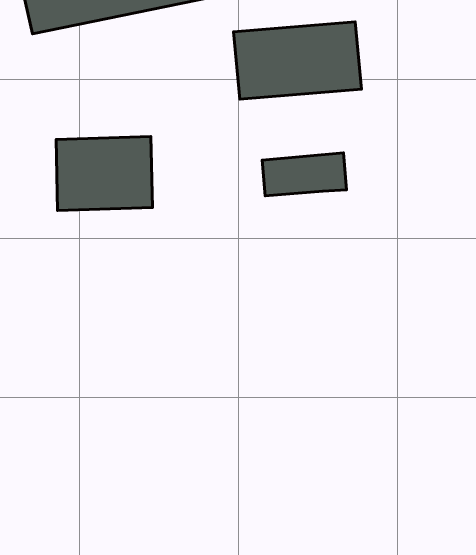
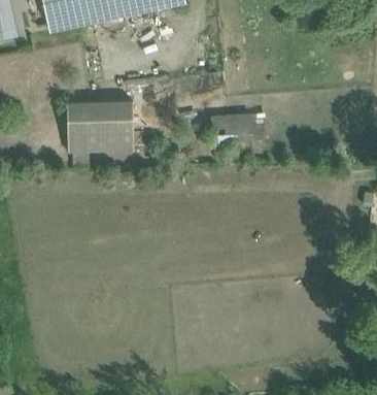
building: [233,22,362,99] -> none

